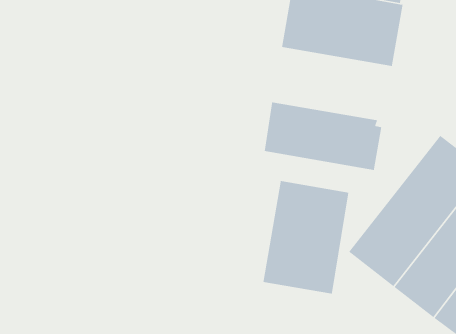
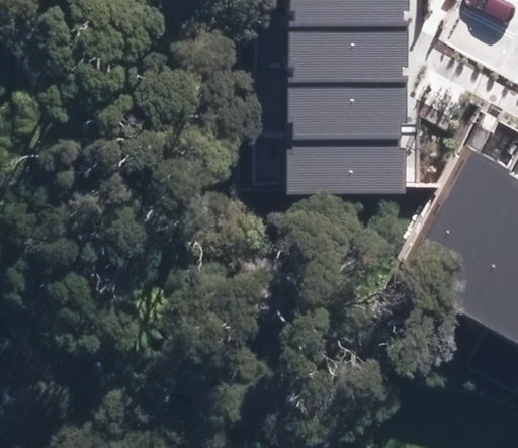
building: none -> [291,86,407,142]
building: [262,180,349,295] -> none

